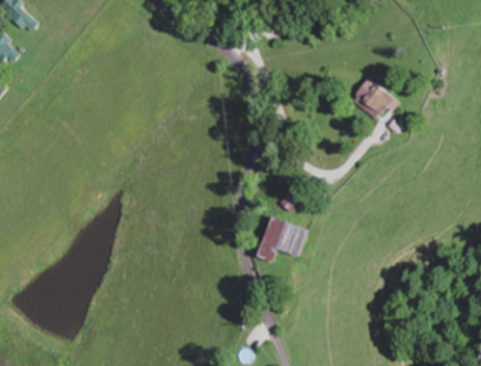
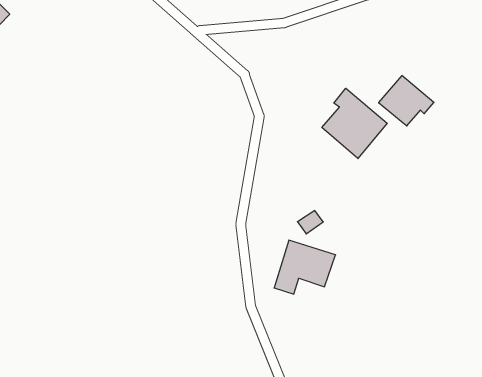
building: none -> [322,88,387,159]

